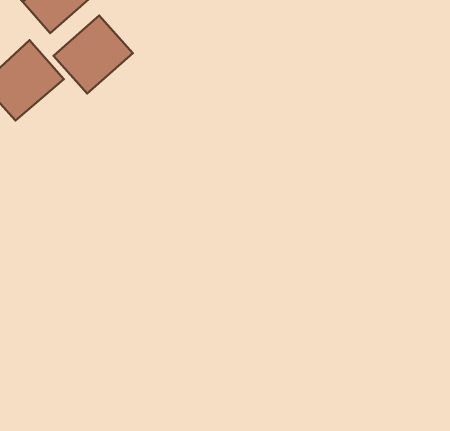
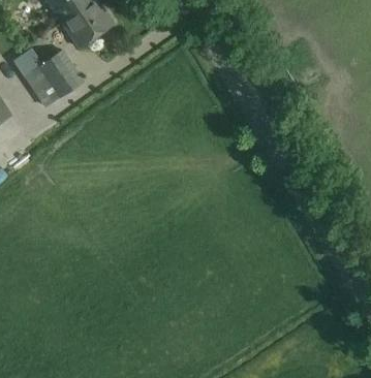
building: [53,16,133,94] -> none

